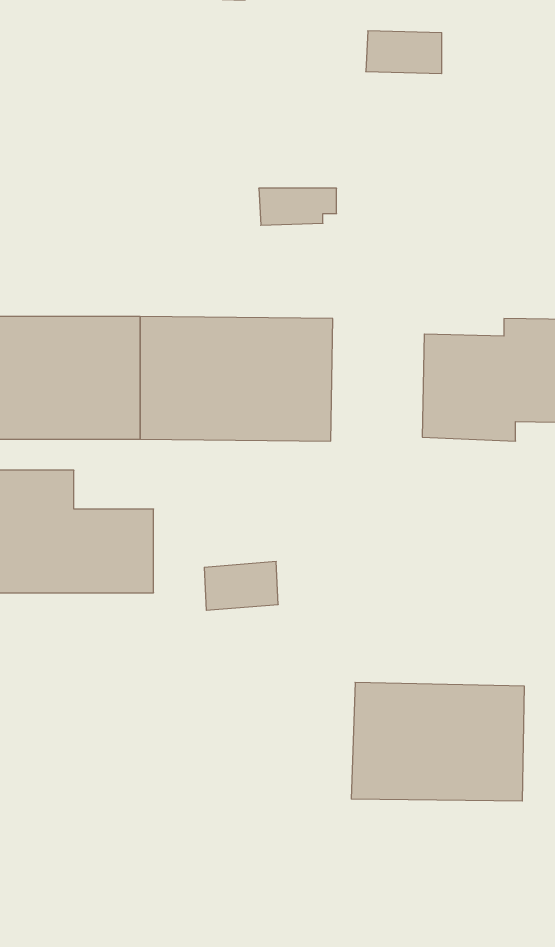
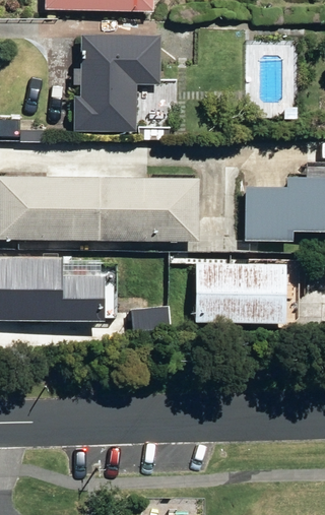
building: none -> [75,34,161,131]
building: [351,682,524,801] -> [195,261,285,323]

